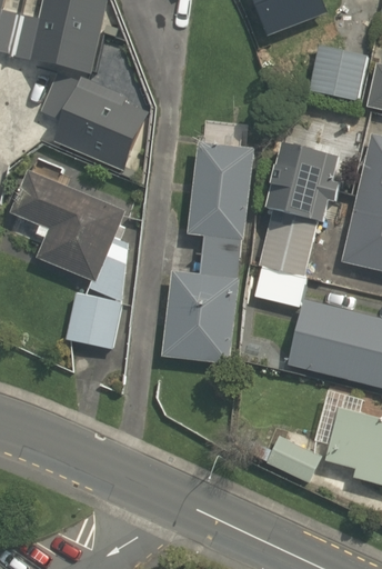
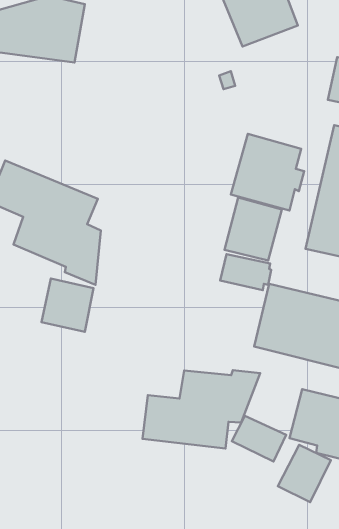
building: [306,44,366,100] -> none
building: [48,78,159,172] -> none
building: [160,141,254,362] -> none
building: none -> [143,370,260,449]
building: none -> [278,445,331,502]

